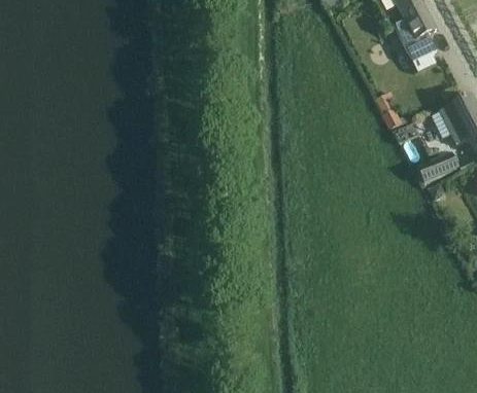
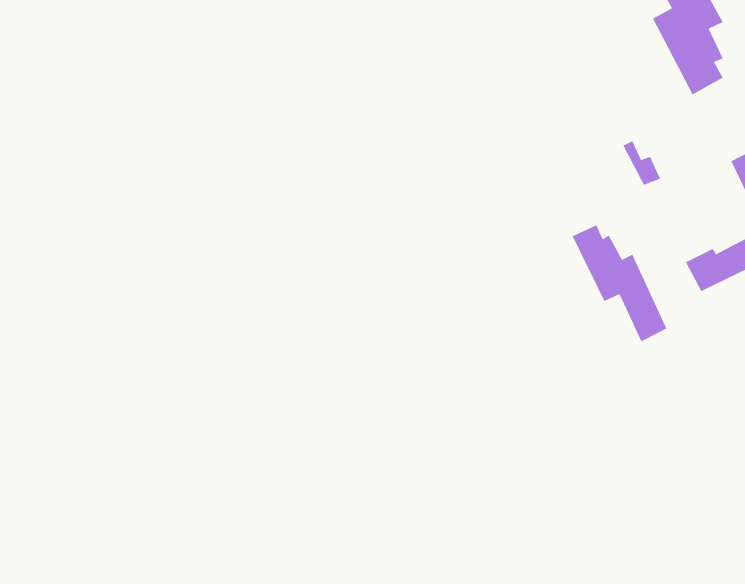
building: none -> [572,225,667,342]

